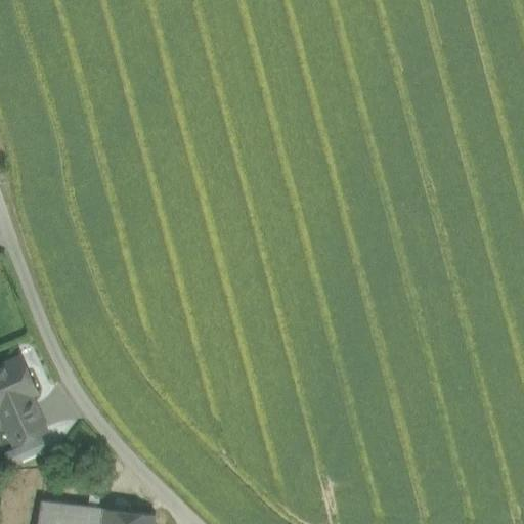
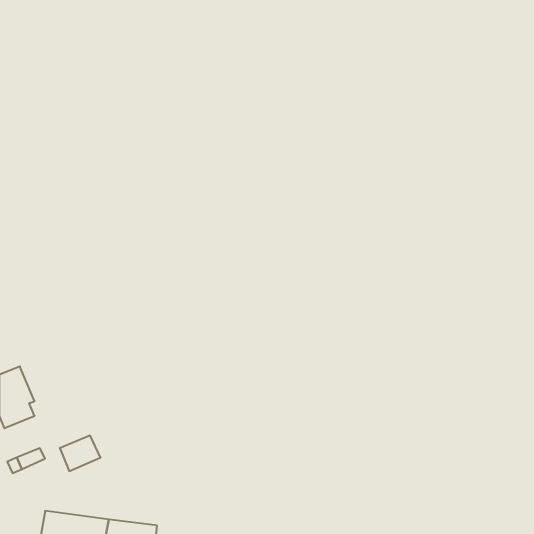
building: [4,407,44,442] -> [60,436,101,471]

